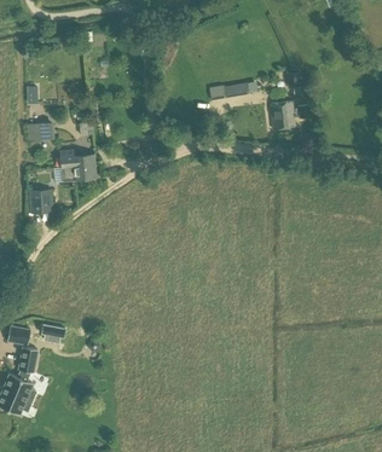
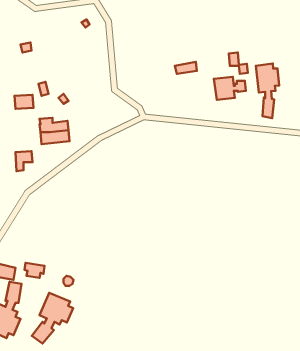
building: none -> [256,63,279,118]
building: none -> [32,293,73,343]

